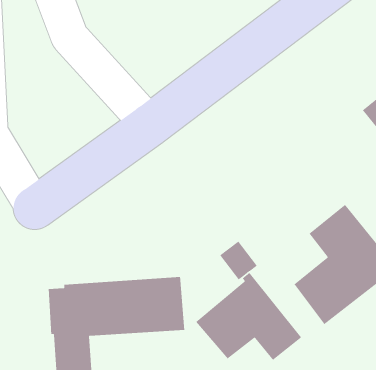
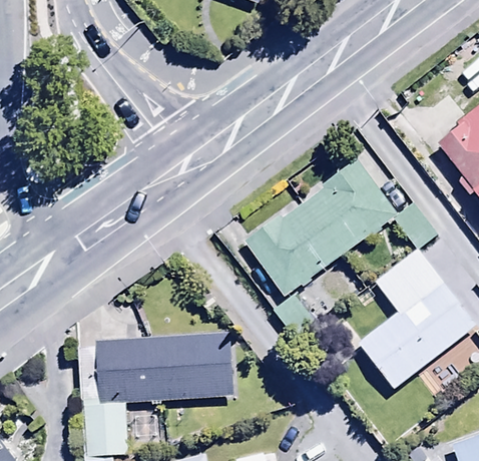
building: none -> [245,156,440,298]
building: [195,272,302,361] -> none

